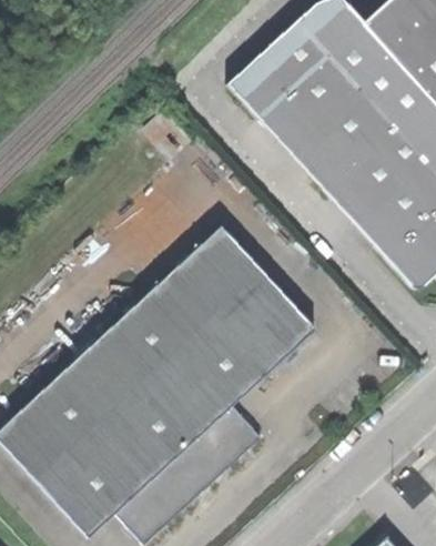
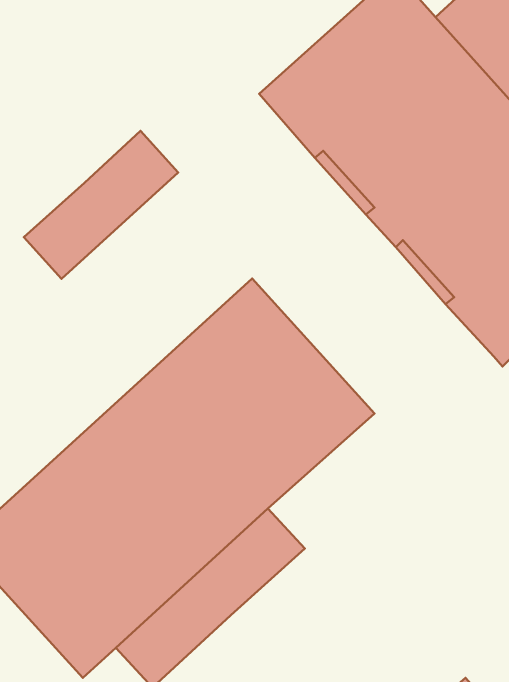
building: none -> [24,131,178,279]

